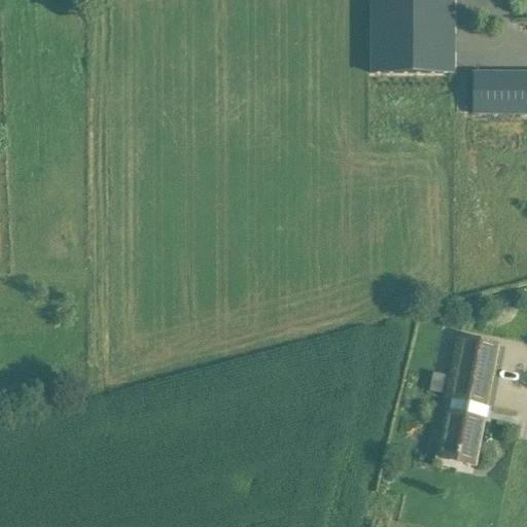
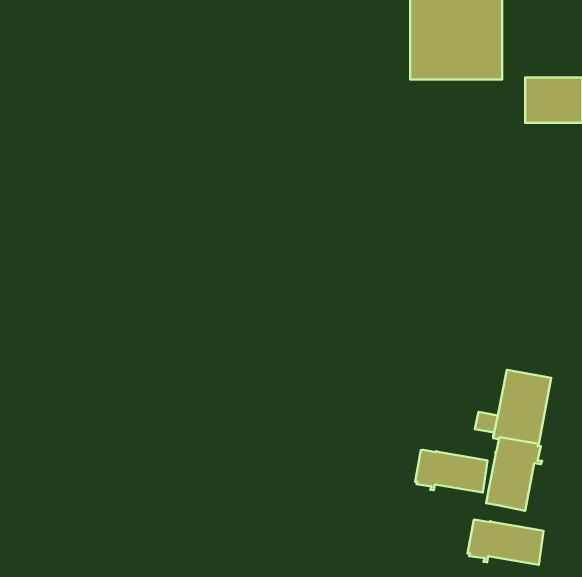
building: none -> [415,450,487,492]
building: none -> [468,520,544,565]

